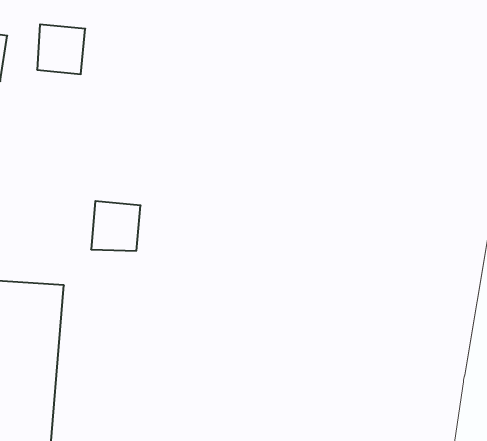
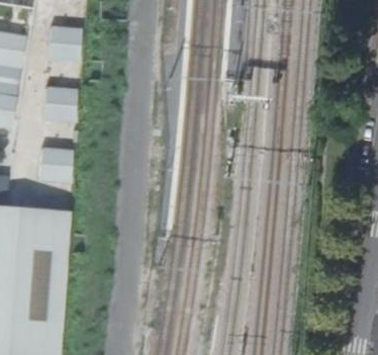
building: none -> [43,86,77,121]
building: [91,201,141,251] -> [38,147,74,182]

